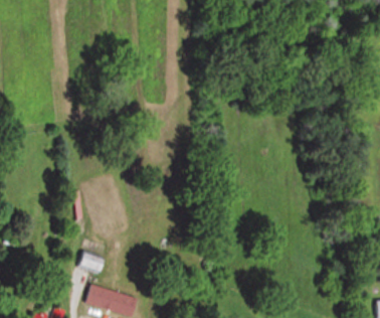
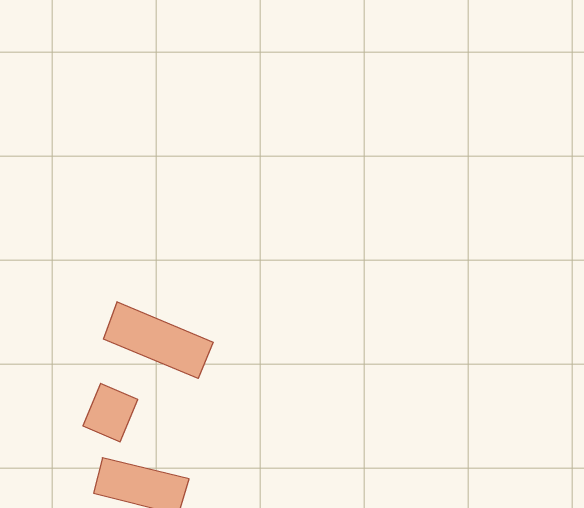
building: none -> [104,302,213,378]

